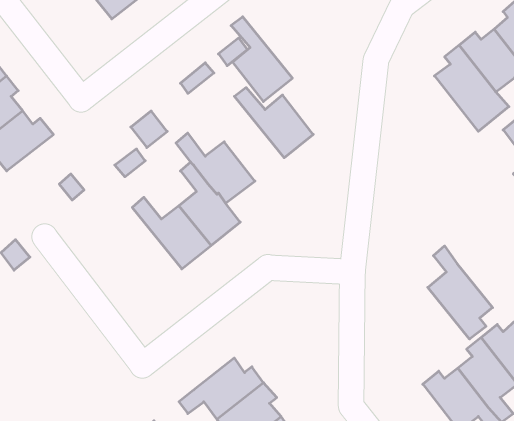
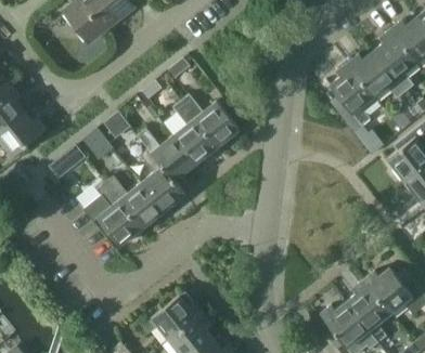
building: [231,17,292,102] -> [171,101,217,164]
building: none -> [82,183,141,246]
building: [428,246,493,339] -> none

